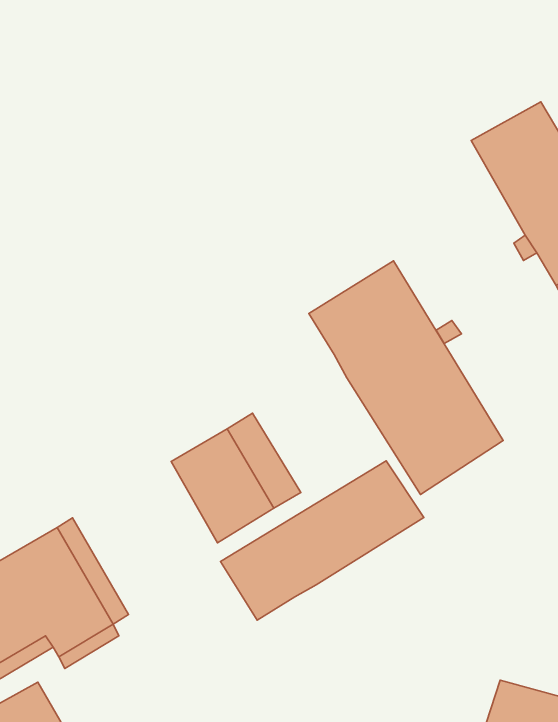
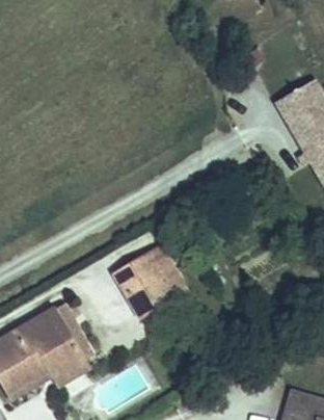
building: [309,261,503,494] -> none
building: [220,461,424,620] -> none

